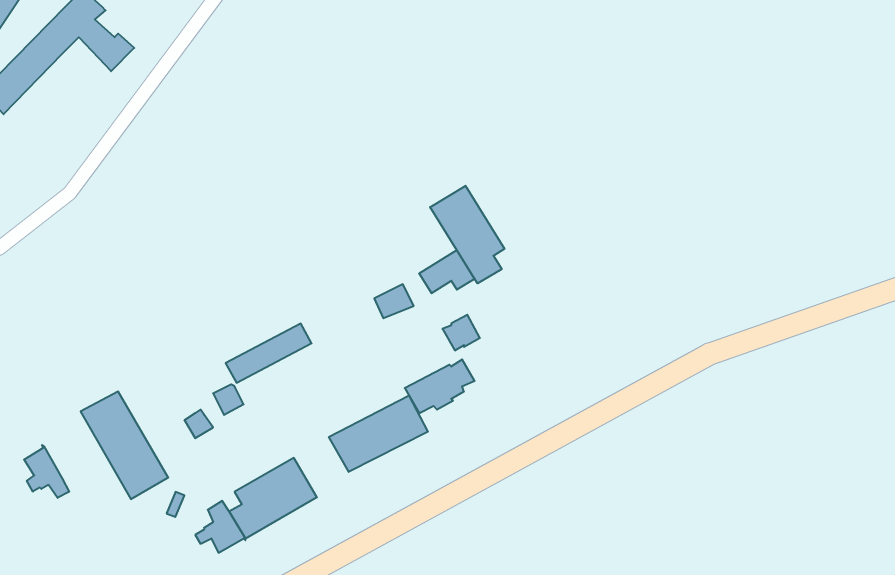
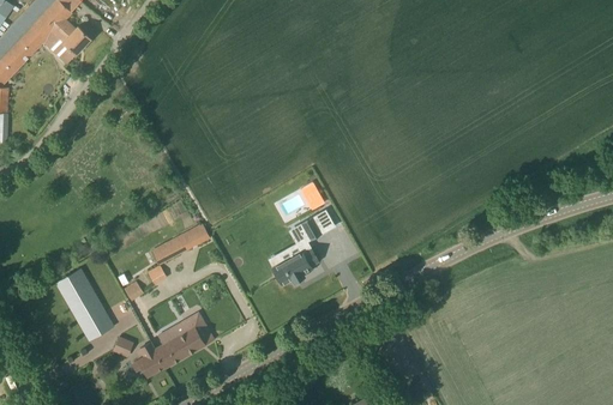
building: [430,186,504,283] -> none
building: [329,395,428,472] -> none
building: [24,445,69,498] -> none

